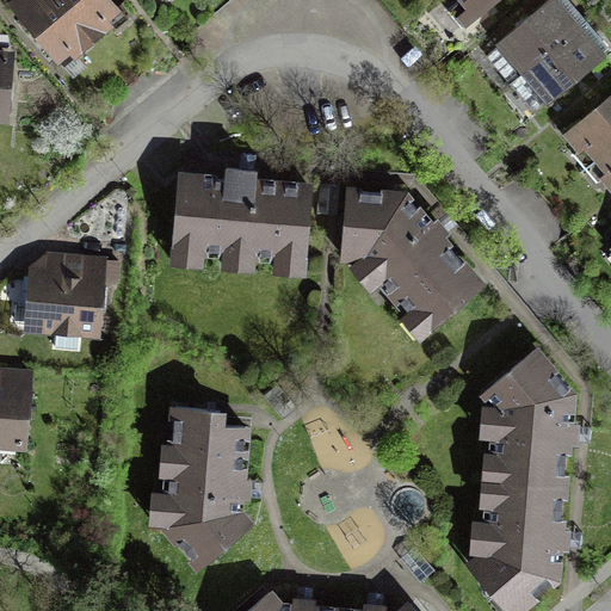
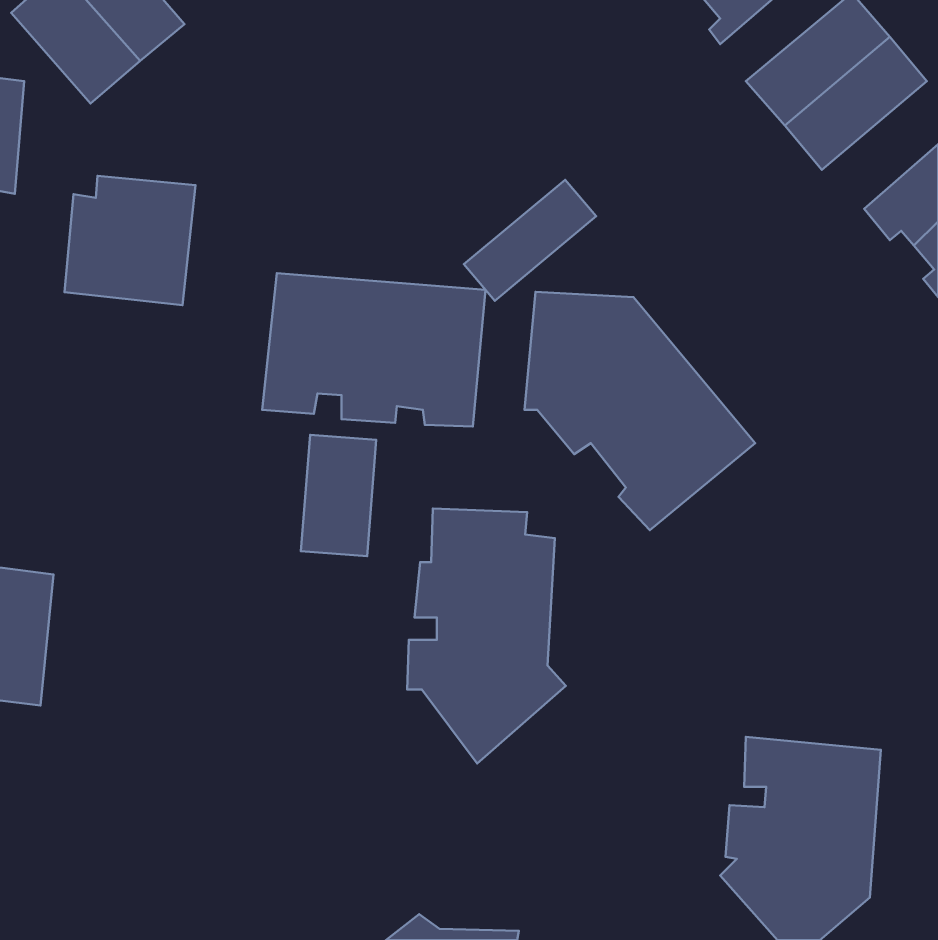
building: none -> [464,180,596,301]
building: [21,254,106,338] -> [64,176,195,305]
building: none -> [301,435,376,556]
building: [480,346,579,485] -> none
building: [152,407,254,572] -> [407,509,566,763]

